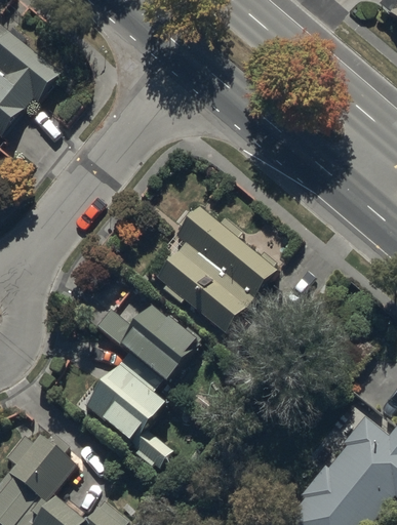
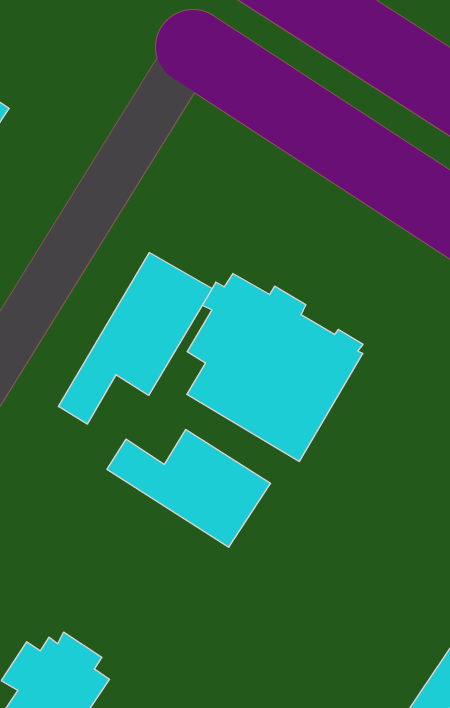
building: none -> [58,253,212,424]
building: [83,355,174,473] -> none

